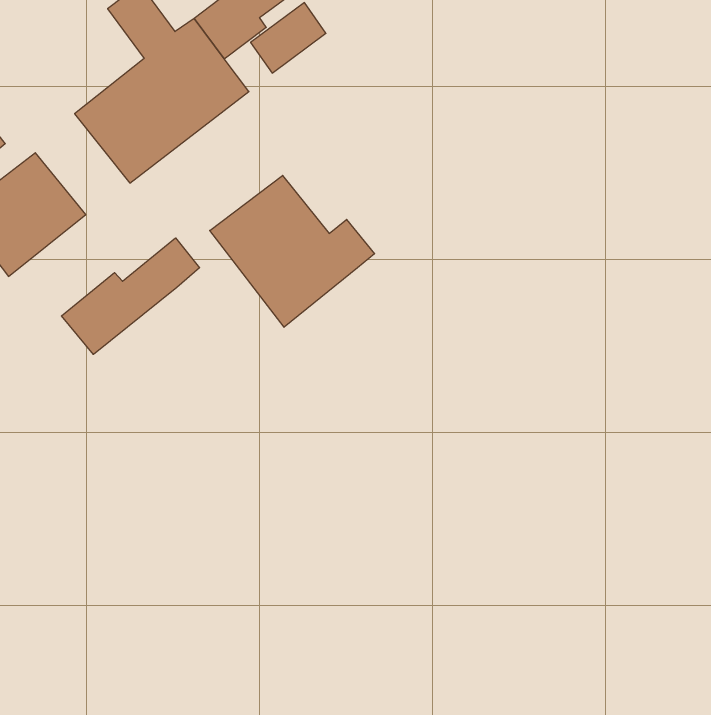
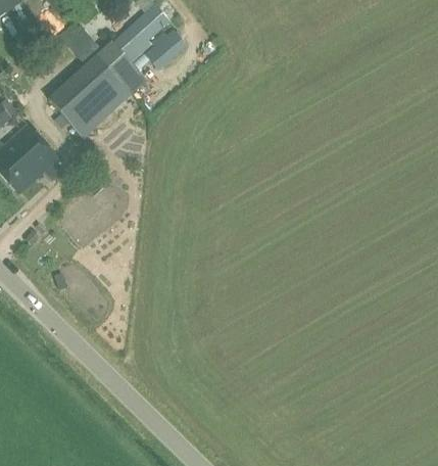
building: [210,175,375,327] -> none
building: [61,238,200,354] -> none

